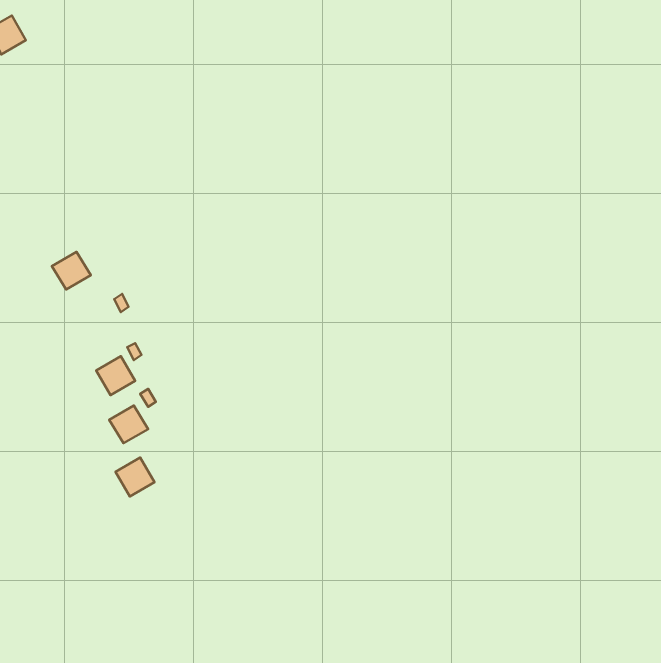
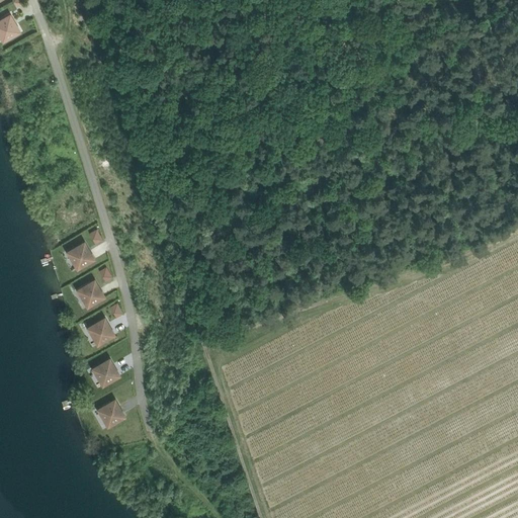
building: [52,252,91,289] -> [65,241,95,270]
building: none -> [95,399,125,428]

